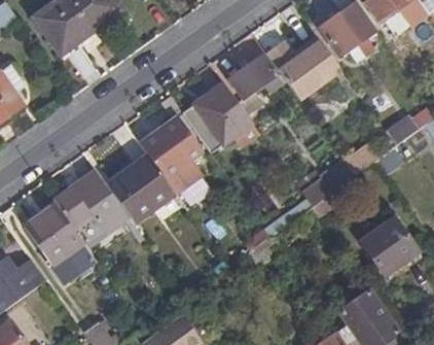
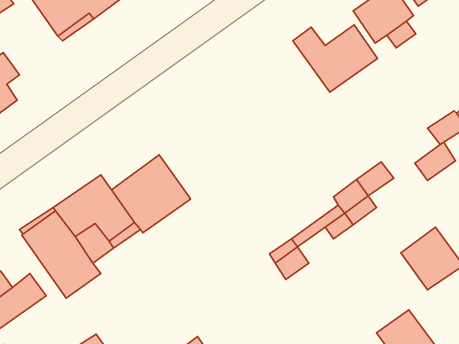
building: [229,55,276,95] -> none
building: [180,81,252,151] -> none
building: [139,115,193,192] -> none

